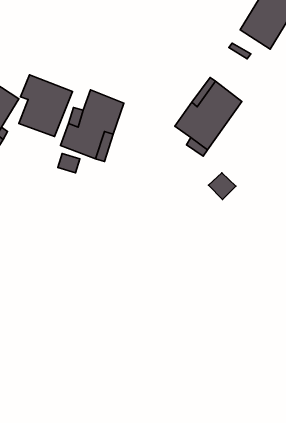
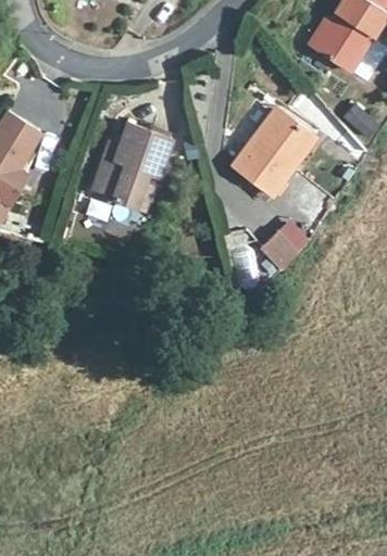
building: [19,75,72,137] -> none

